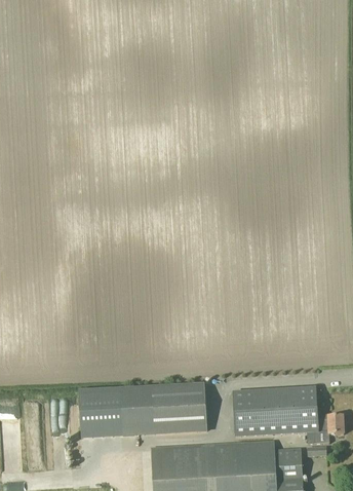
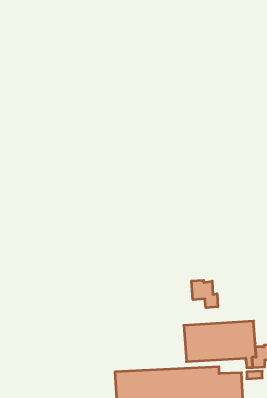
building: none -> [192,280,218,308]
building: [79,382,207,435] -> none

